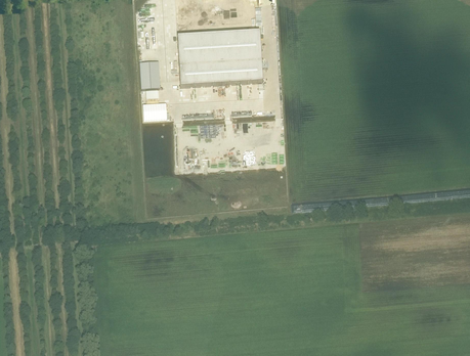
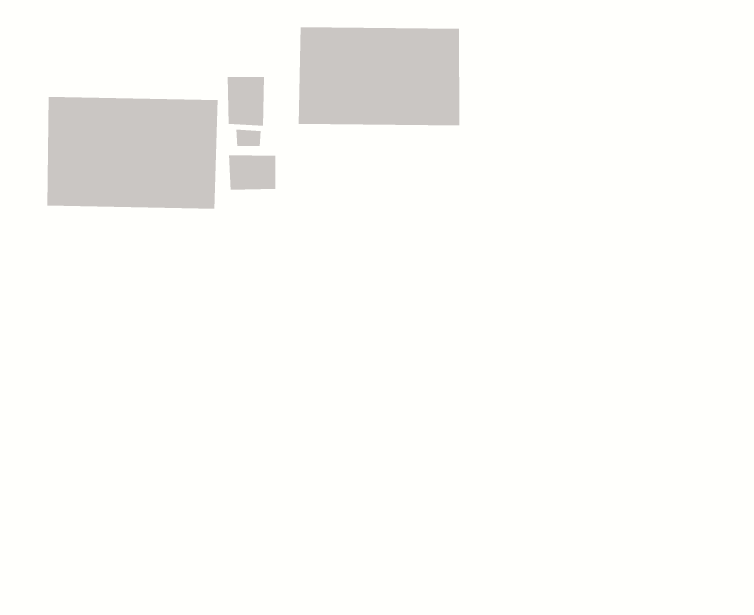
building: none -> [47,96,219,210]

